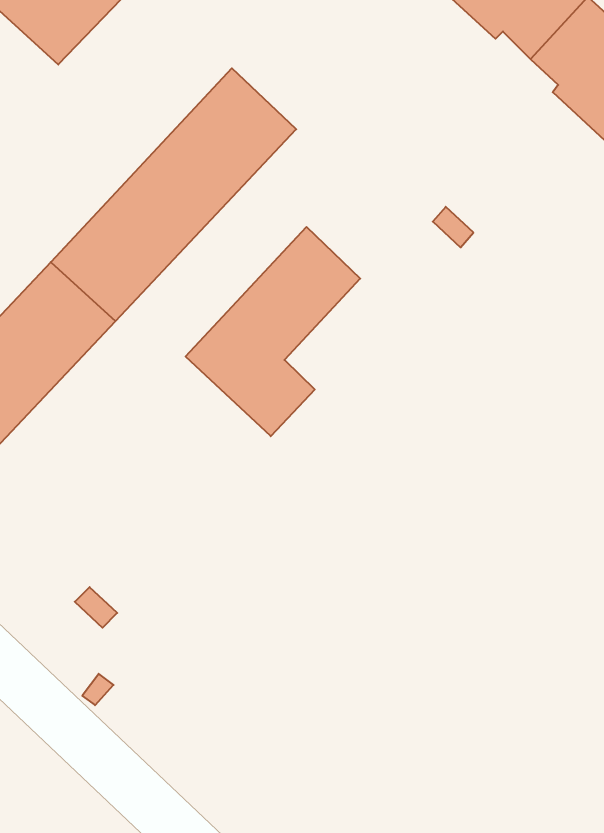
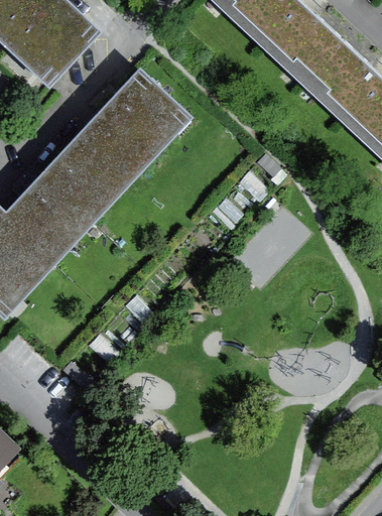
building: [186,227,360,436] -> none

